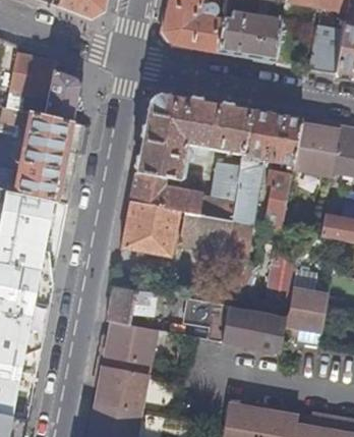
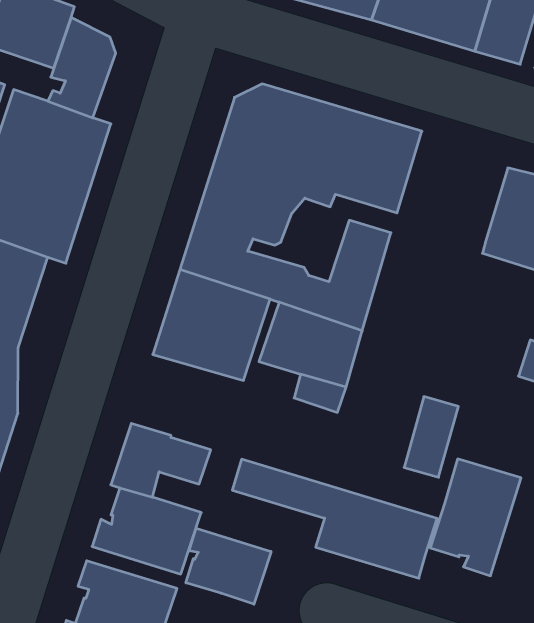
building: [232,108,301,223] -> none
building: [263,169,291,230] -> none
building: none -> [186,528,271,604]

